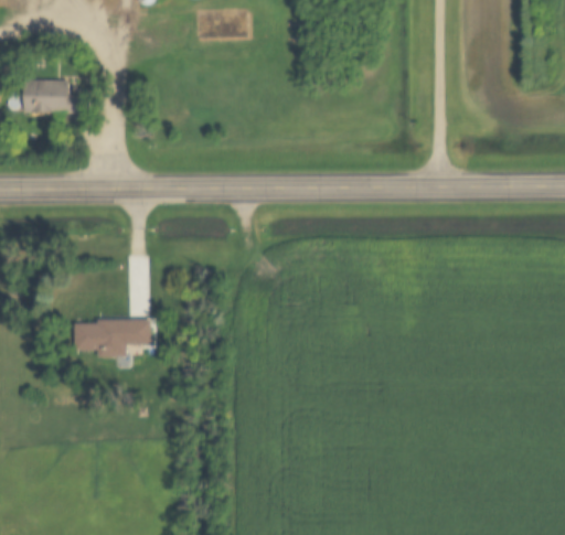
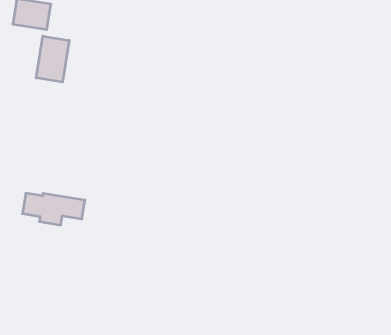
building: none -> [36,36,69,82]

